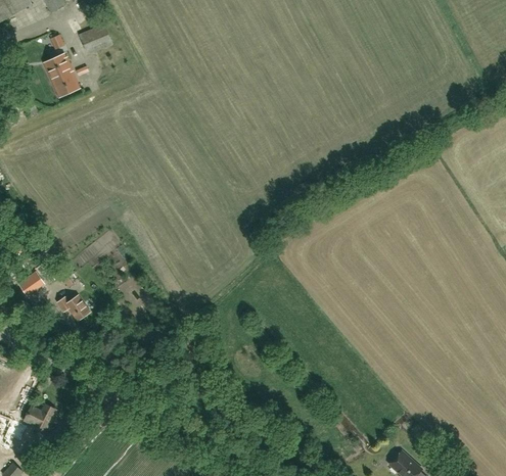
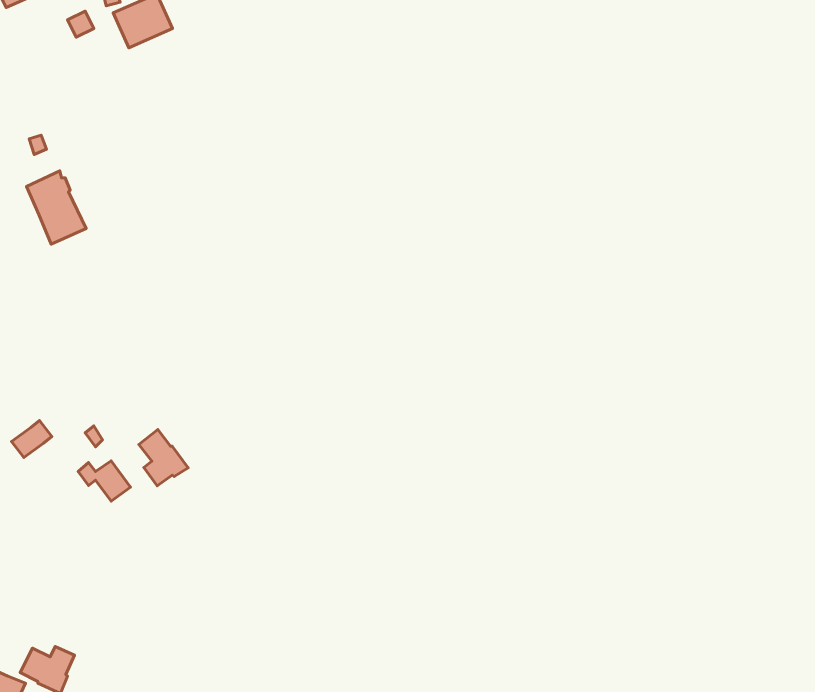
building: [45,54,80,97] -> [26,171,86,244]
building: none -> [139,430,188,486]

